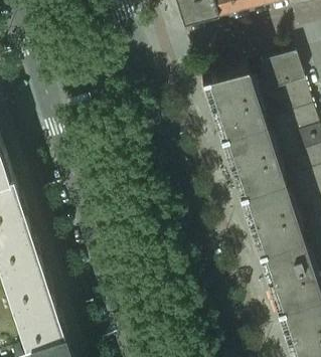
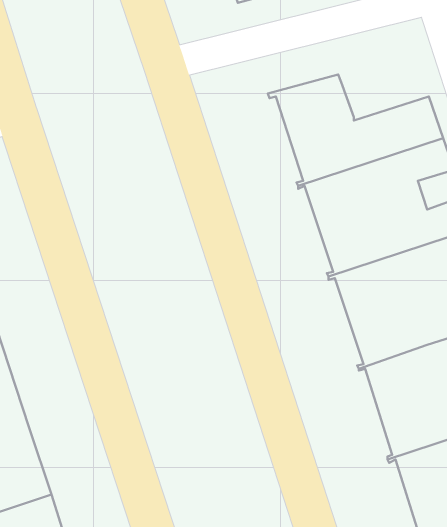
building: [249,59,304,98] -> none

